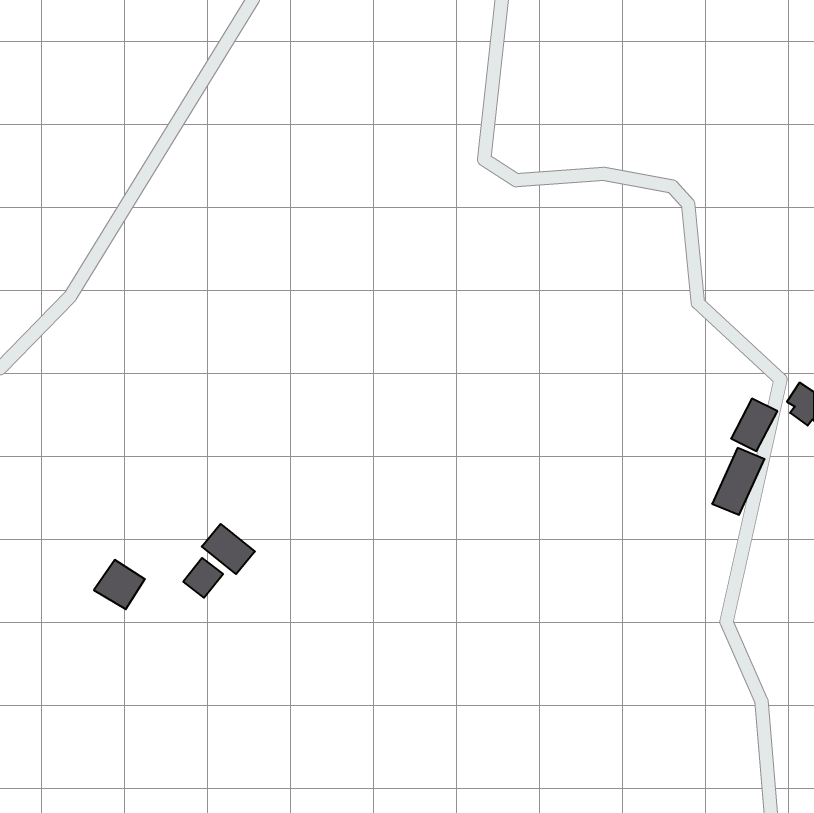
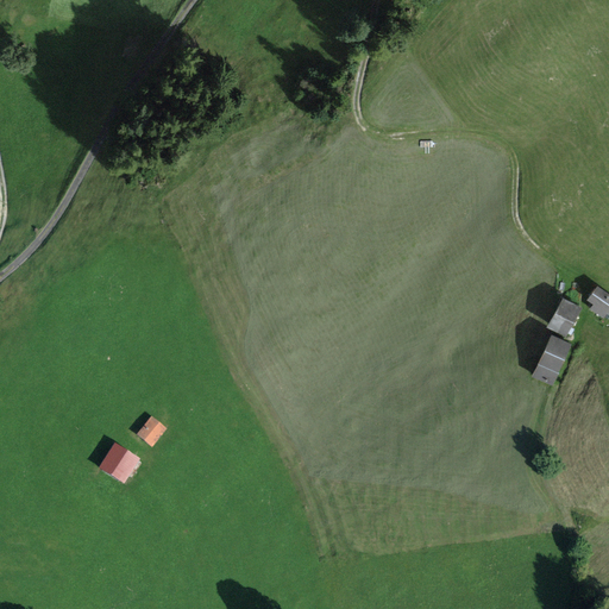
building: [202,524,255,574] -> none
building: [94,560,145,609] -> [100,444,138,481]

